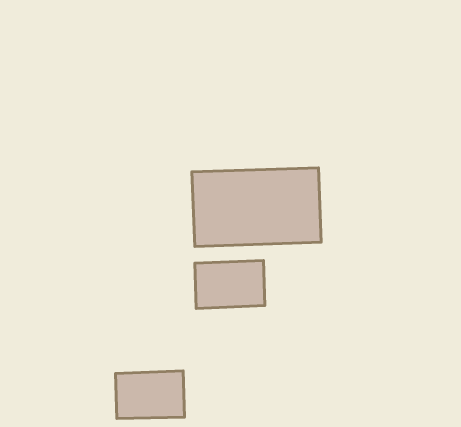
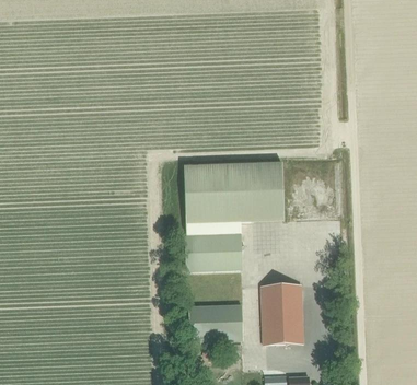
building: none -> [260,283,302,343]
building: [116,371,184,419] -> [188,303,242,340]

